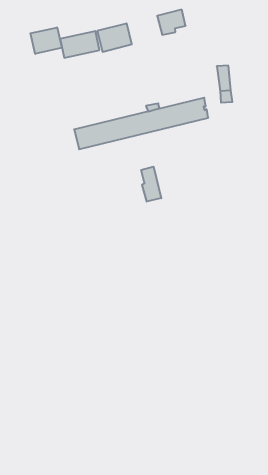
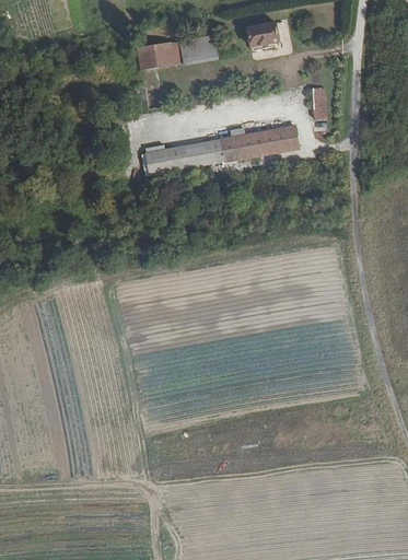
building: [30,27,62,54] -> none
building: [141,167,161,202] -> none

